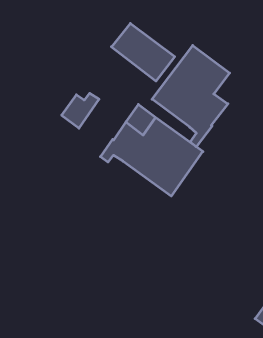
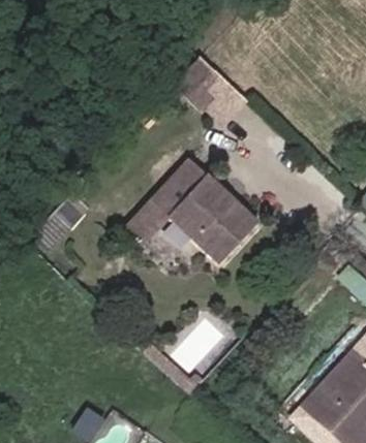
building: [152,45,230,147] -> none
building: [62,93,99,128] -> [125,207,171,246]

